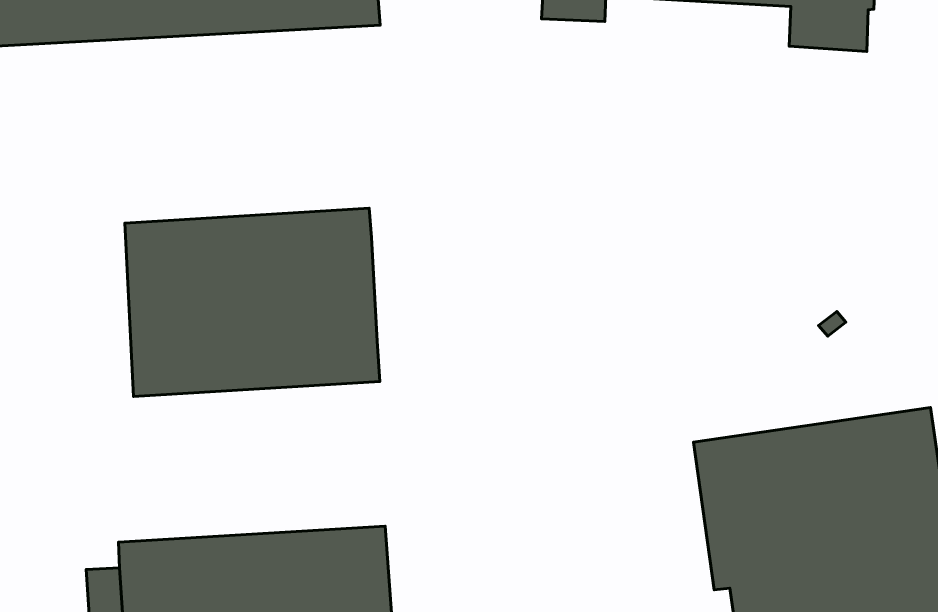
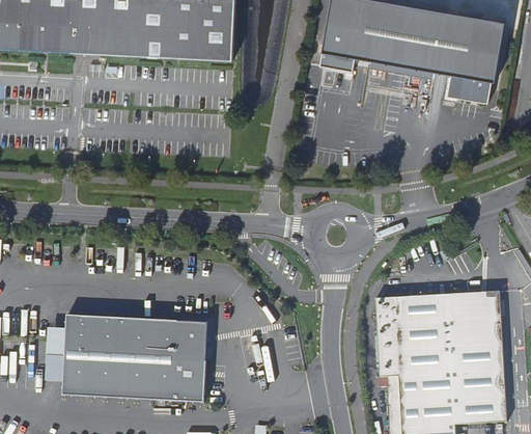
building: [125,208,380,397] -> none

